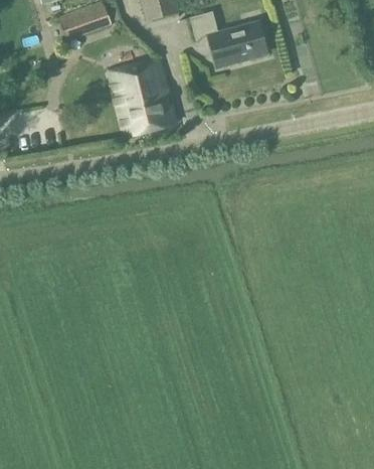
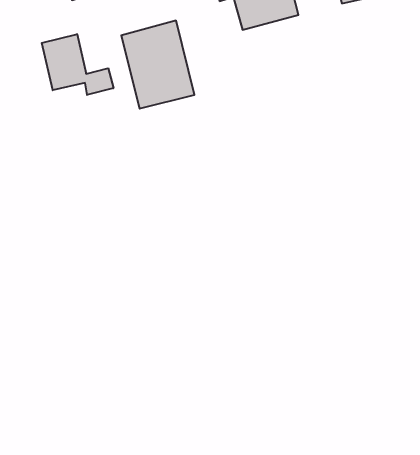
building: none -> [42,34,113,95]

